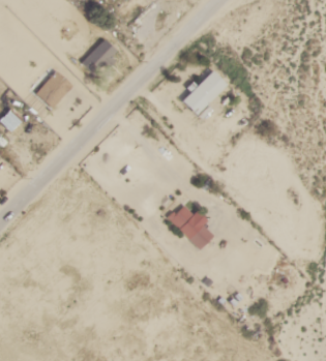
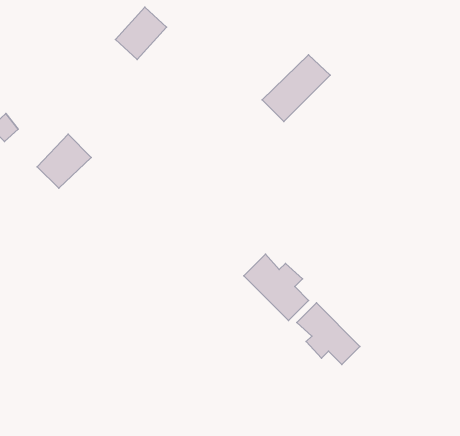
building: [36,71,72,108] -> [37,134,91,188]
building: none -> [297,303,360,365]

